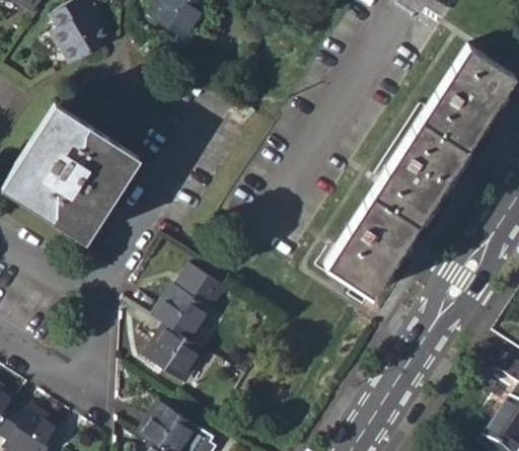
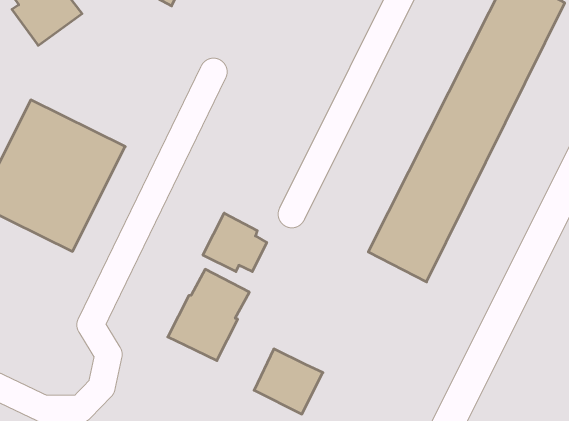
building: none -> [203,213,267,272]
building: [144,325,203,382] -> [254,349,323,414]

